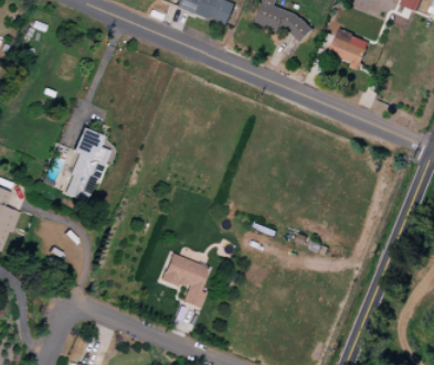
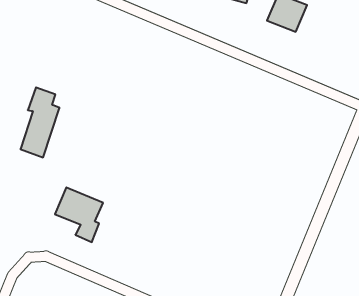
building: [160,250,212,309] -> [55,187,103,242]

